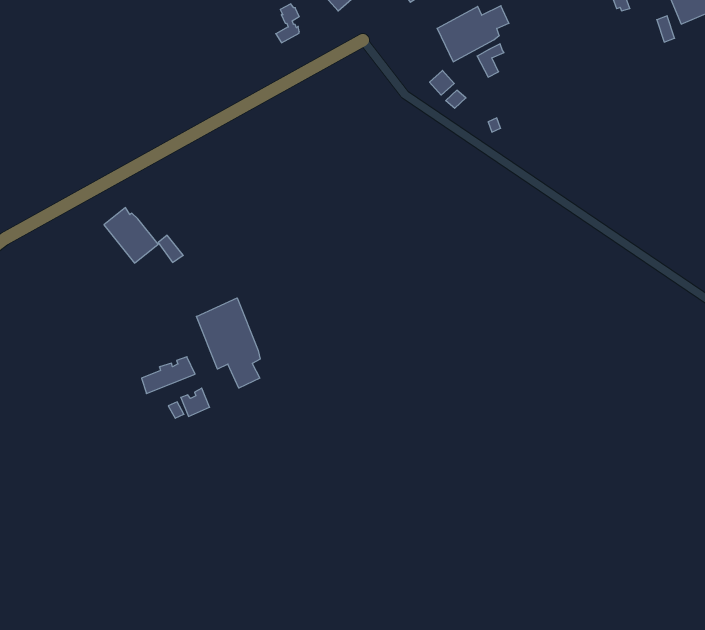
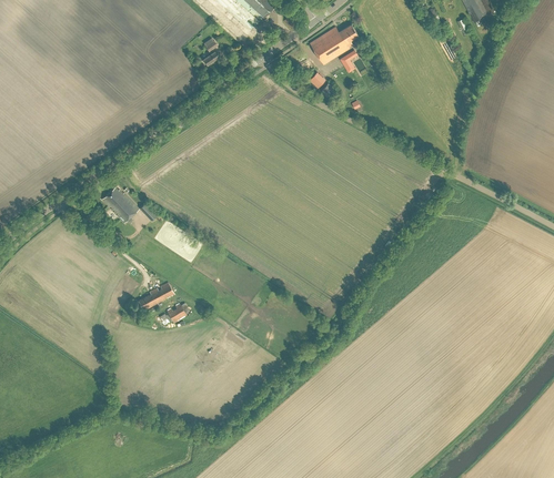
building: [196,298,260,388] -> none

